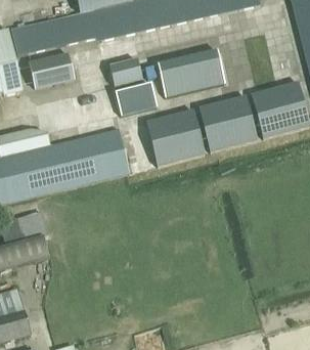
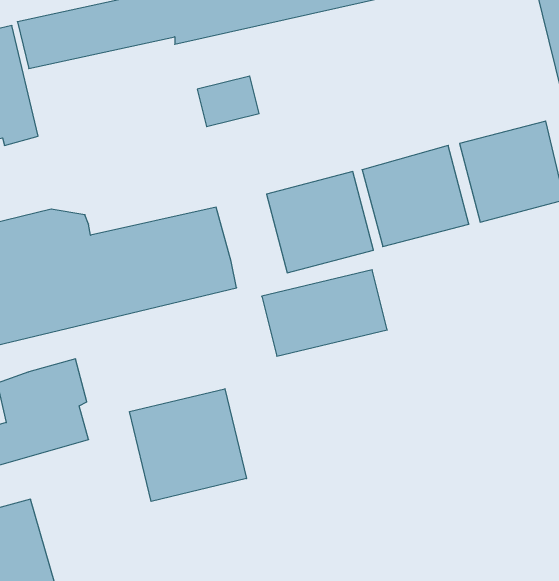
building: [157,48,225,95] -> [262,270,387,356]
building: [29,50,74,85] -> none
building: [115,82,157,114] -> none
building: none -> [130,389,246,501]

